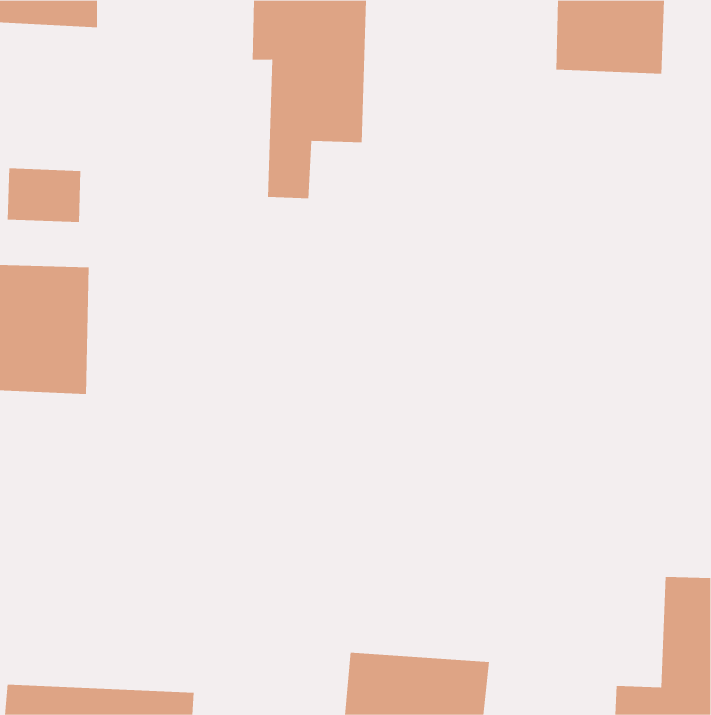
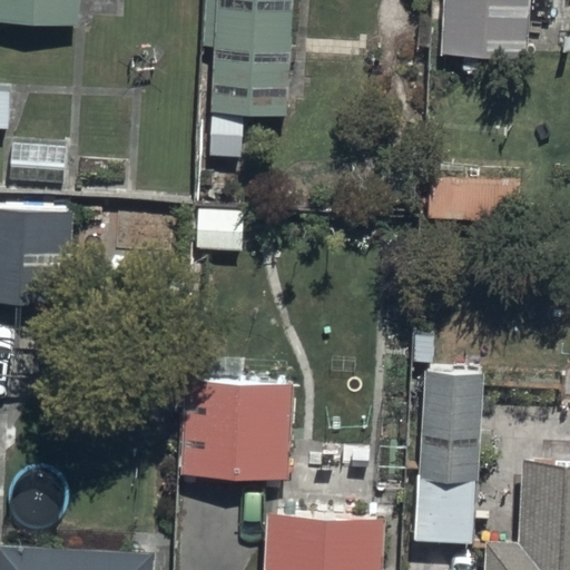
building: none -> [410,361,478,533]
building: none -> [179,385,294,484]

